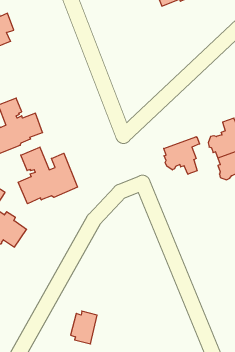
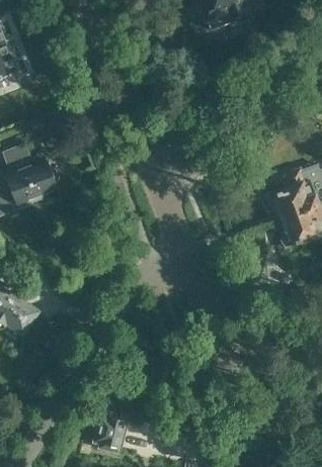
building: [164,137,200,174] -> none
building: [18,147,78,204] -> none

